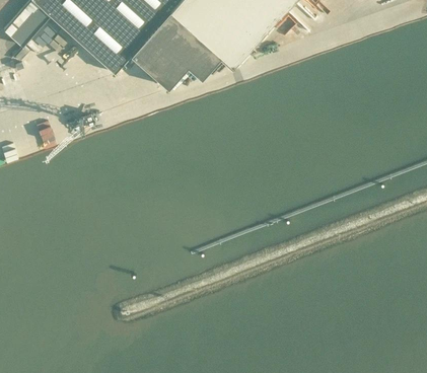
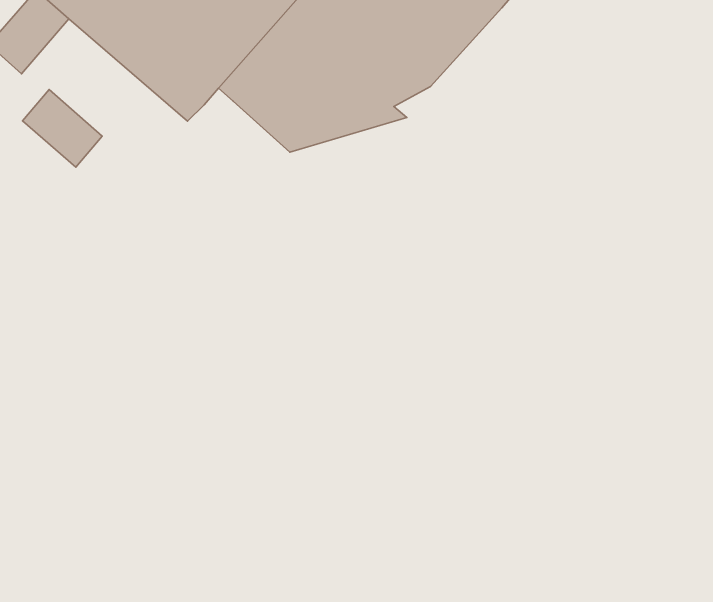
building: none -> [23,90,102,167]

